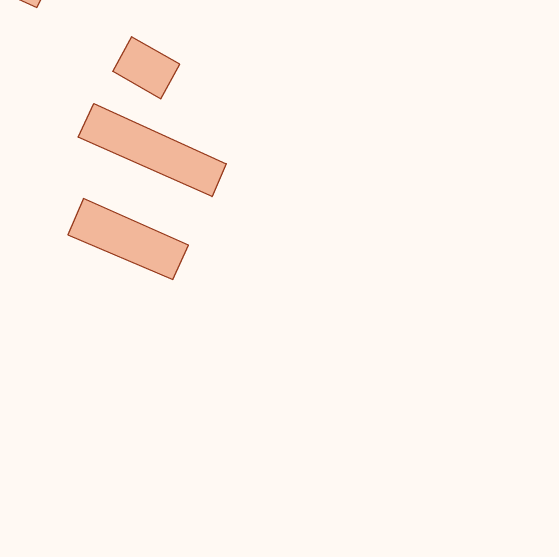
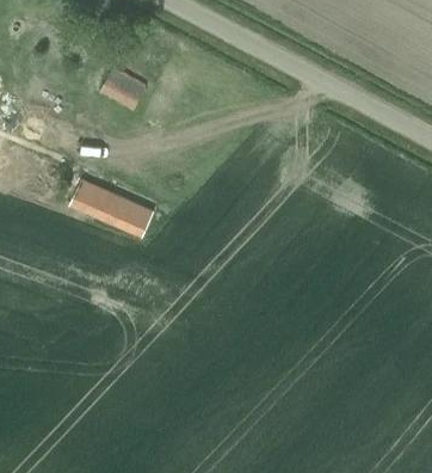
building: [78,104,226,197] -> none

